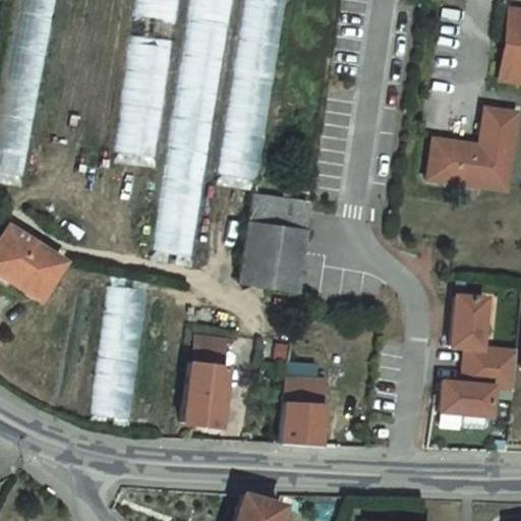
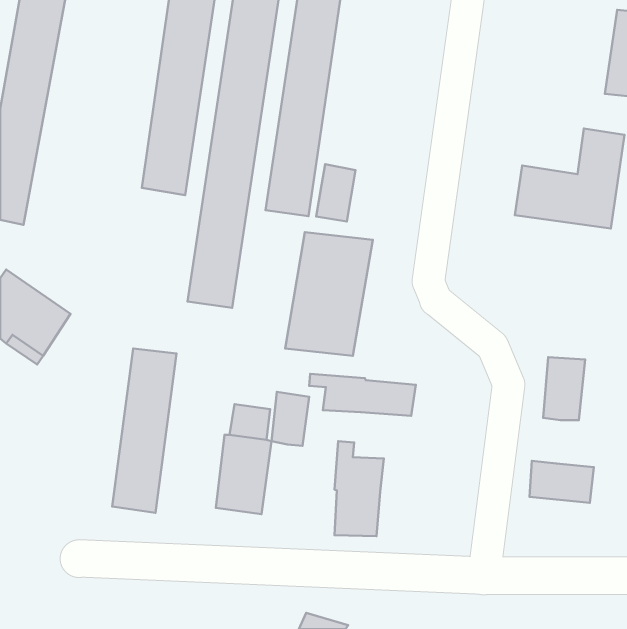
building: none -> [316,164,355,222]
building: none -> [309,374,416,416]
building: none -> [272,392,309,446]
building: [462,346,516,387] -> none

